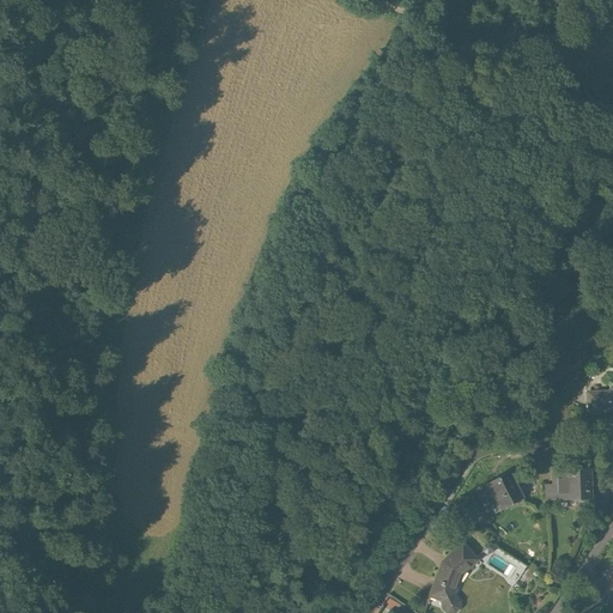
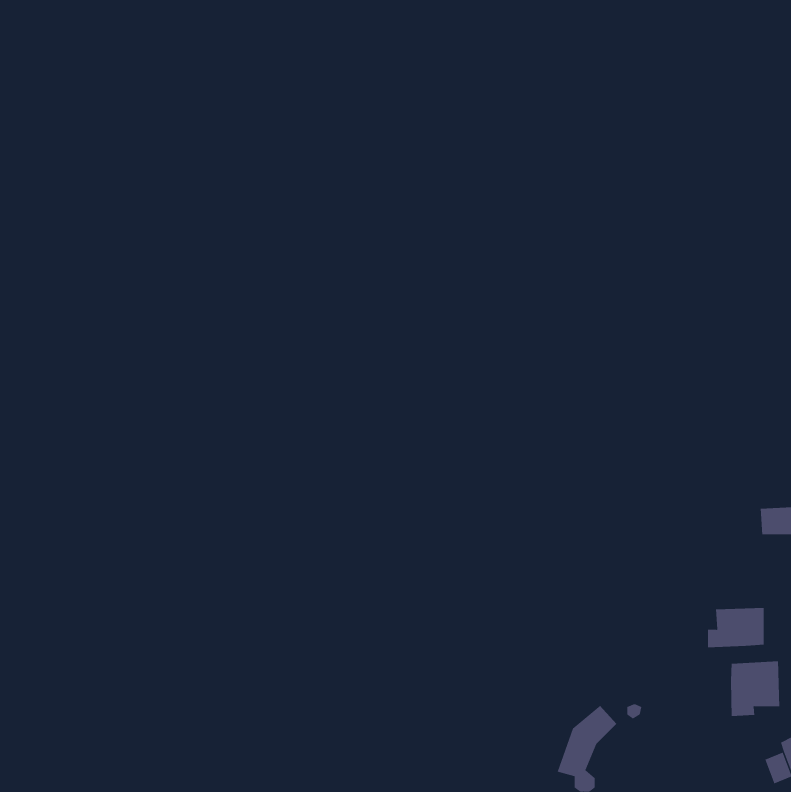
building: [478,473,524,511] -> none
building: none -> [730,661,780,717]

